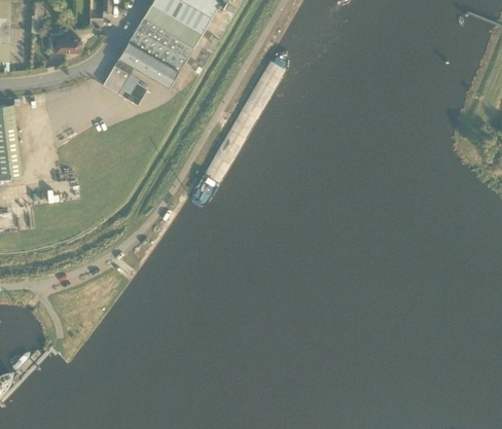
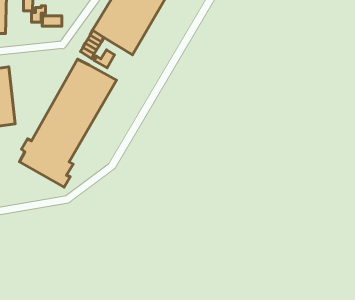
building: none -> [20,59,116,187]

